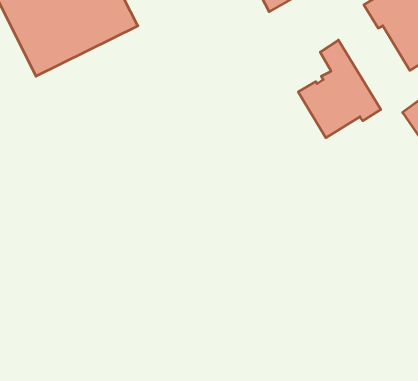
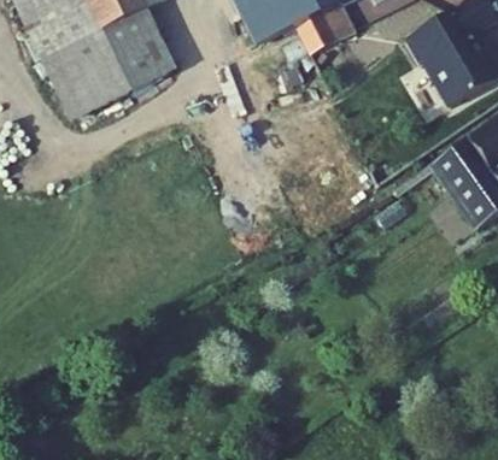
building: [298,40,381,138] -> none

